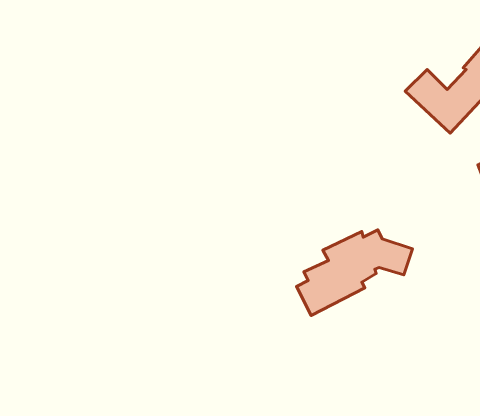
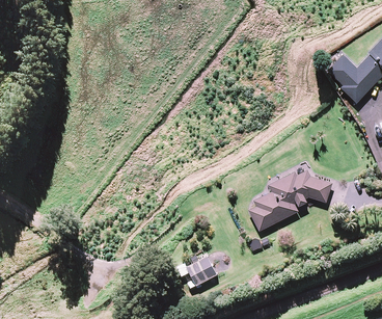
building: none -> [178,254,227,284]

